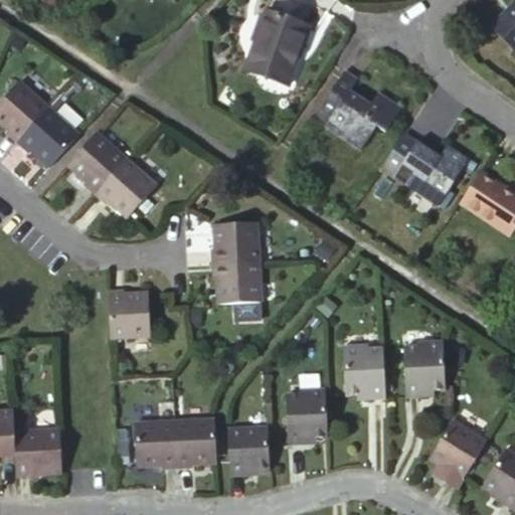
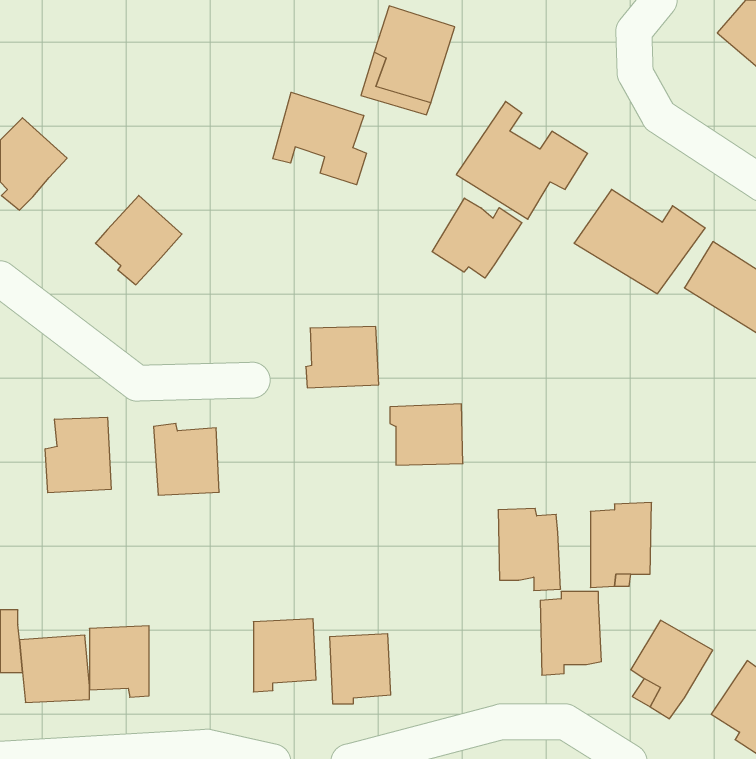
building: none -> [273,92,367,185]
building: [17,109,78,166] -> none
building: none -> [432,198,522,278]
building: [96,160,158,218] -> none
building: [211,262,261,303] -> [390,404,463,465]
building: none -> [45,417,111,493]
building: [285,388,326,445] -> [540,592,601,675]
building: [135,421,175,470] -> [89,626,149,697]

